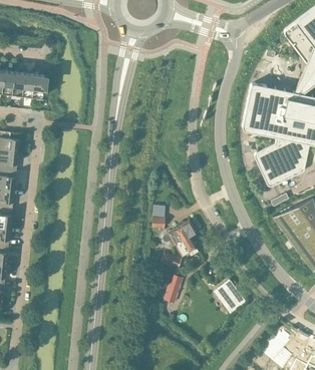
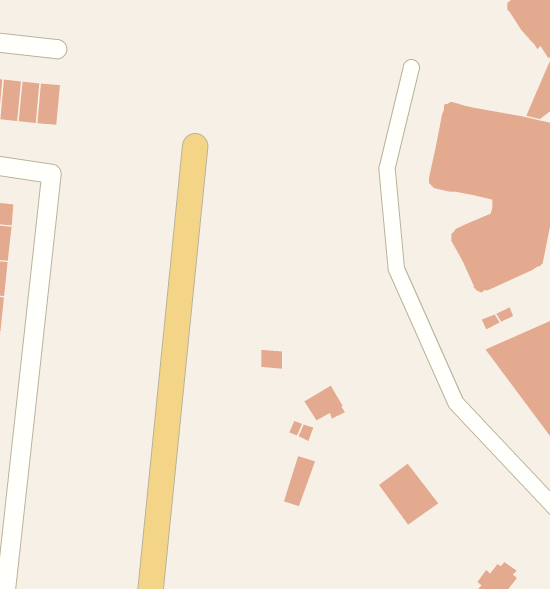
building: [162,220,196,246] -> none

